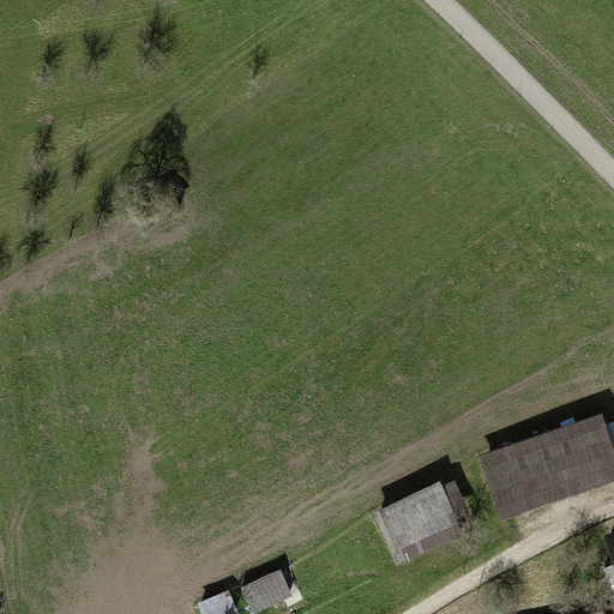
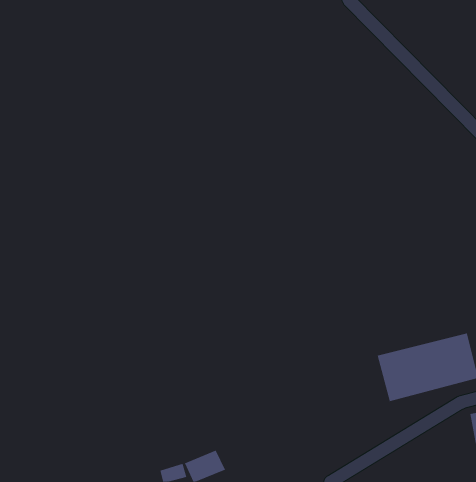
building: [379,477,469,564] -> none

